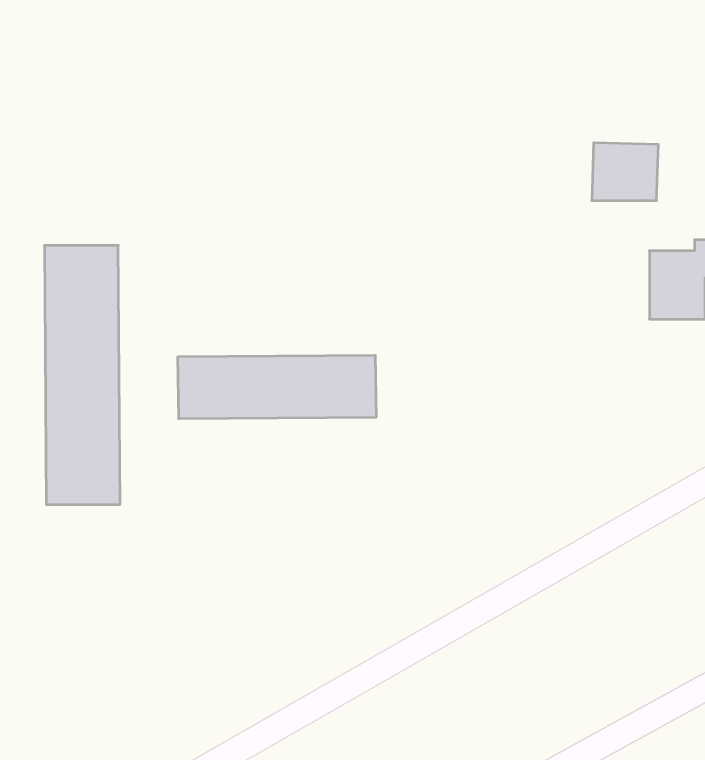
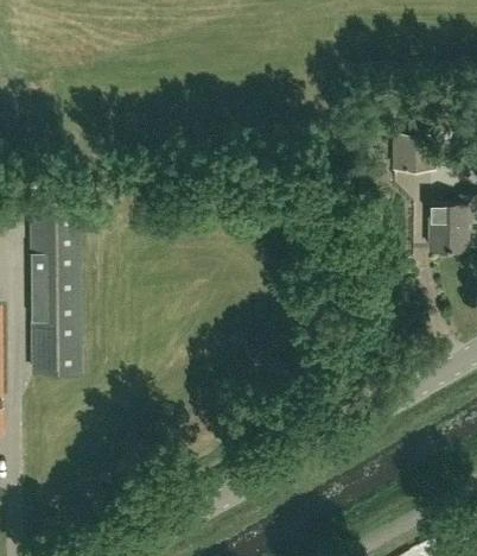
building: [178,355,376,419] -> none

